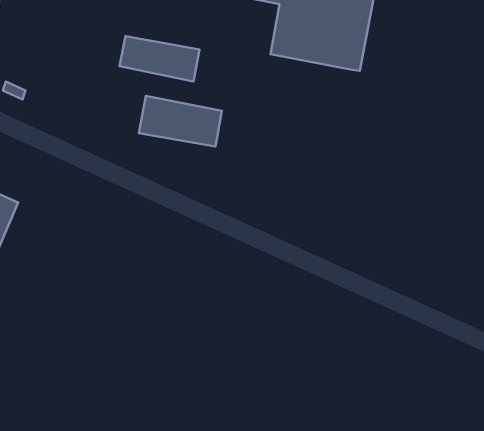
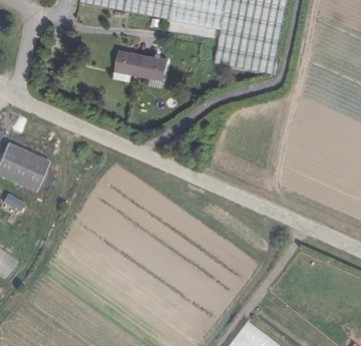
building: [139,96,222,147] -> none

